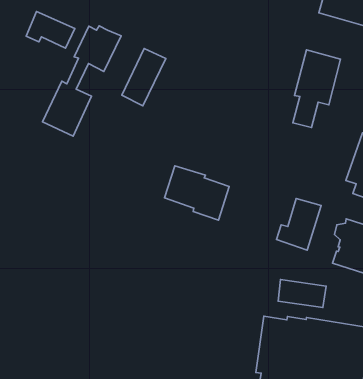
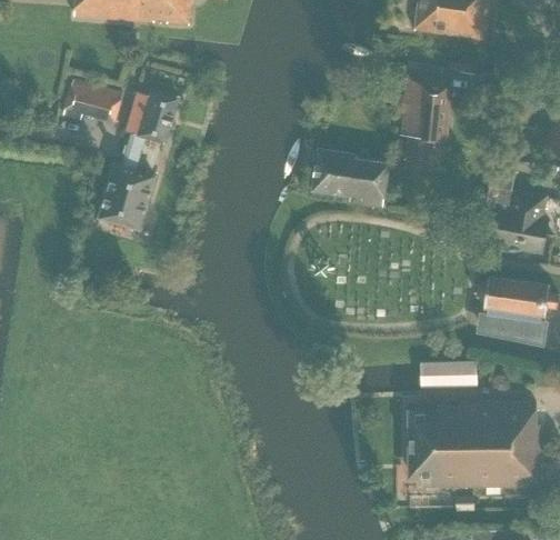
building: [122,49,166,106] -> none
building: [164,166,229,220] -> [311,150,388,208]
building: [277,198,321,250] -> none

